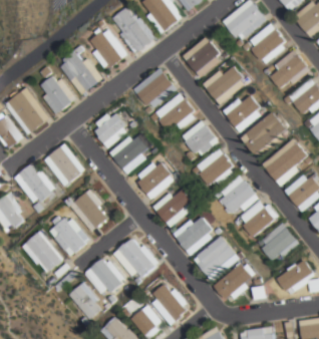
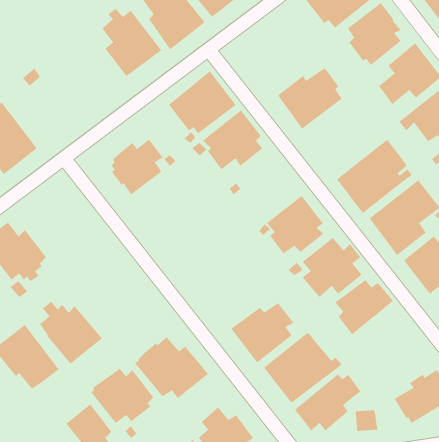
building: [182,34,219,76] -> none
building: [59,44,102,93] -> none
building: [39,74,75,113] -> none
building: [222,94,261,131] -> none
building: [181,118,218,154] -> none
building: [109,131,152,174] -> none
building: [42,142,85,187] -> none
building: [138,160,175,199] -> none
building: [152,187,196,227] -> none
building: [64,190,107,234] -> none
building: [261,222,300,259] -> none

